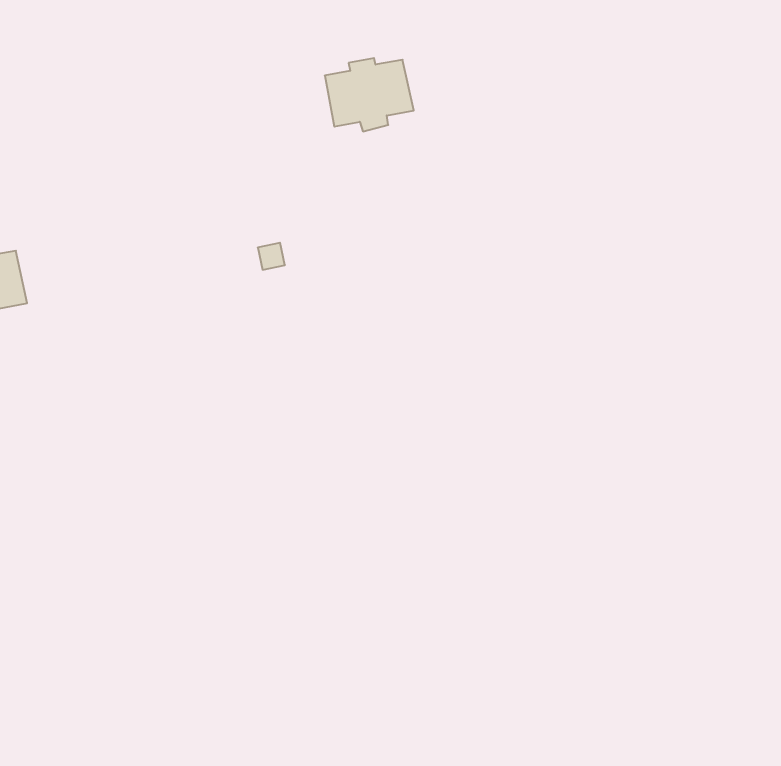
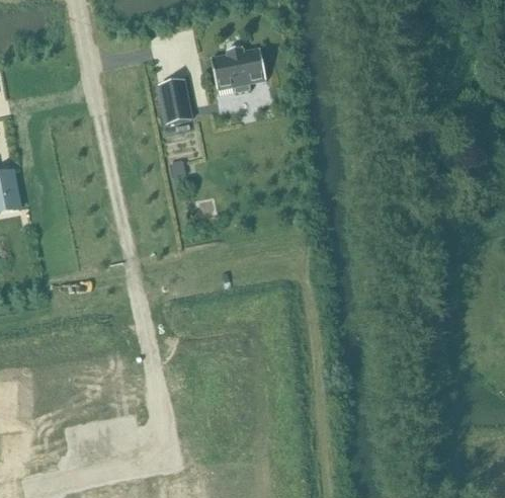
building: none -> [156,81,191,127]

